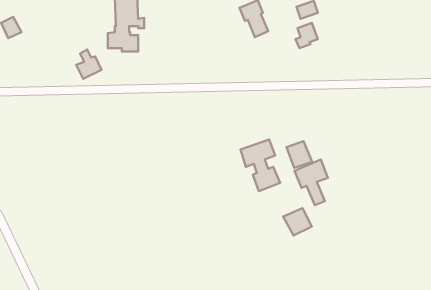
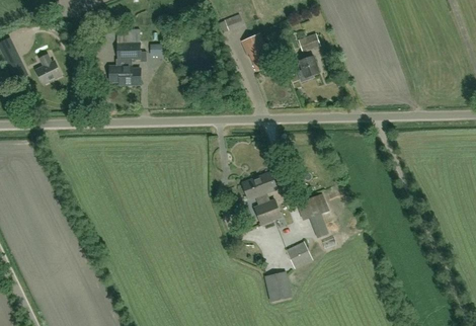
building: [76,50,101,79] -> [35,54,61,83]
building: [287,141,312,168] -> none
building: none -> [264,271,291,301]

